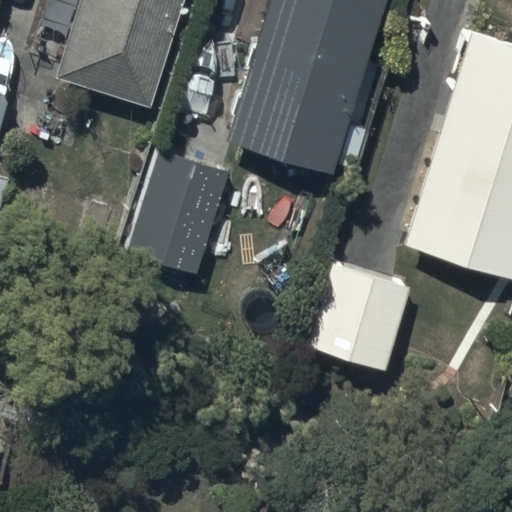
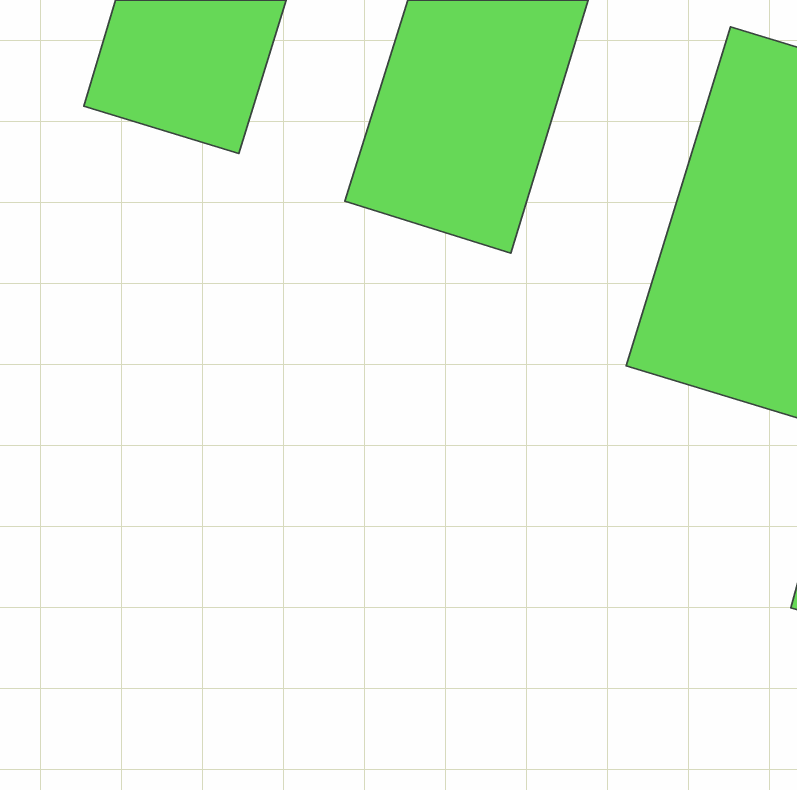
building: [128,151,233,275] -> none
building: [307,265,410,370] -> none

